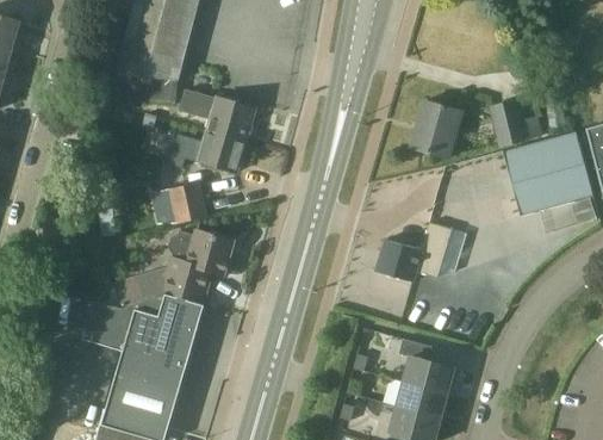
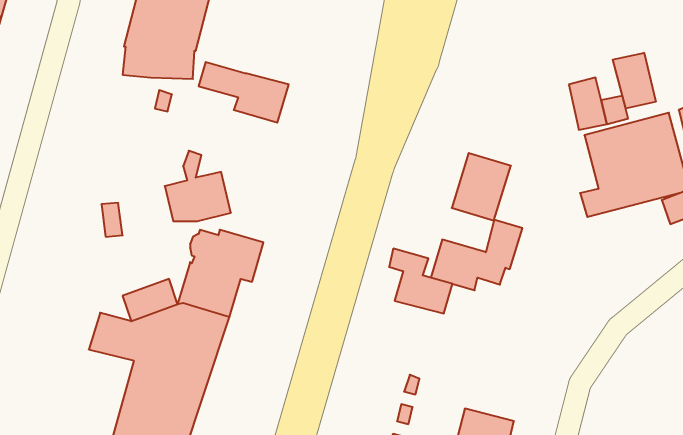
building: none -> [613,53,656,109]
building: [411,100,461,157] -> [452,153,511,221]
building: [170,129,245,172] -> none
building: [399,337,453,392] -> [389,249,452,313]

